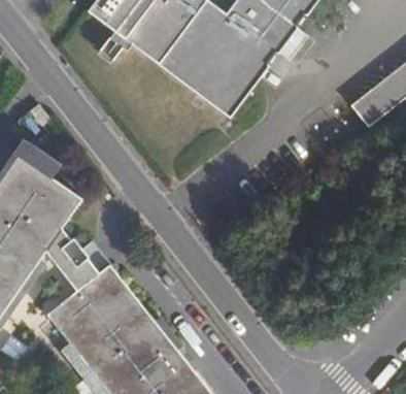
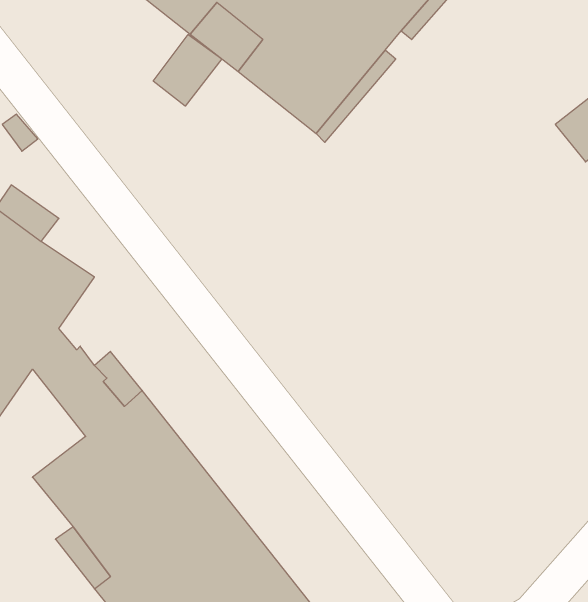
building: none -> [153,35,222,106]

